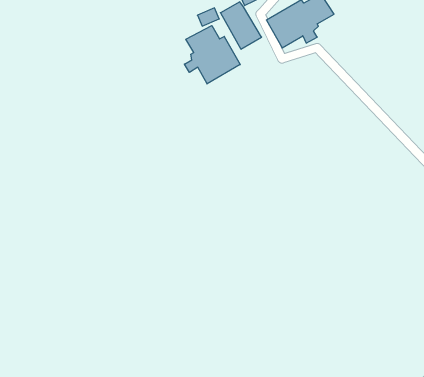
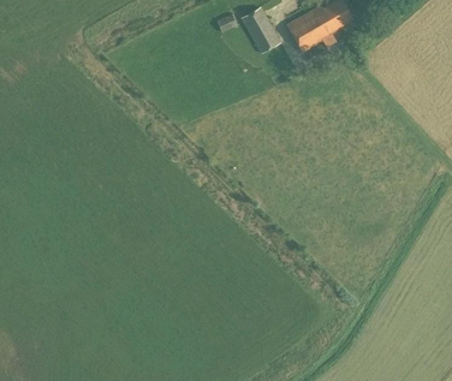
building: [184,26,240,84] -> none

